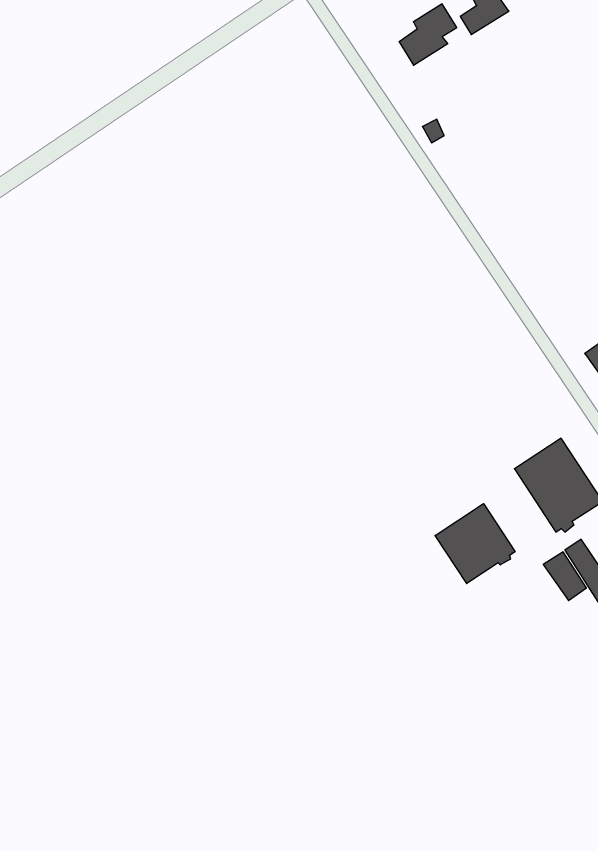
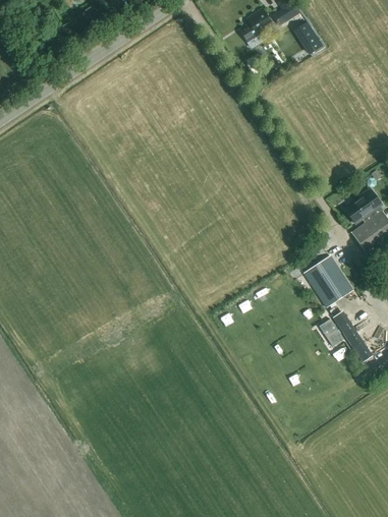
building: none -> [293,21,323,54]
building: [435,504,515,584] -> none

